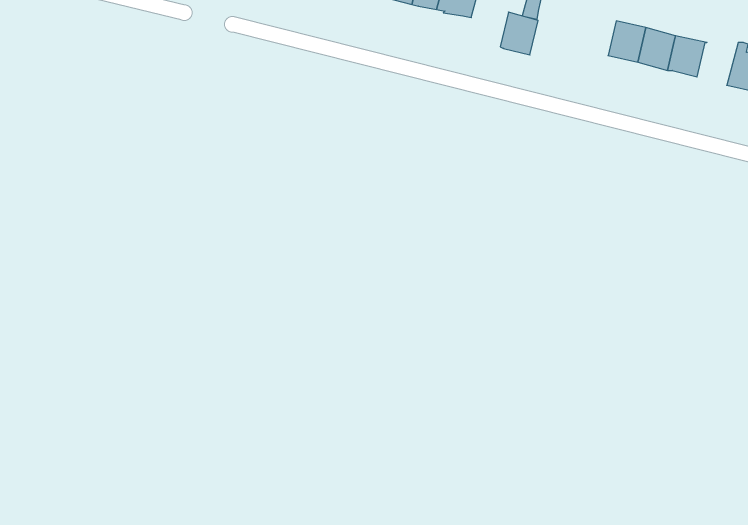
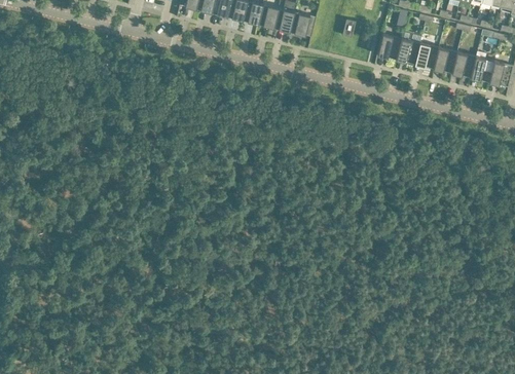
building: [500,12,538,55] -> [380,35,404,62]
building: none -> [454,53,479,80]

